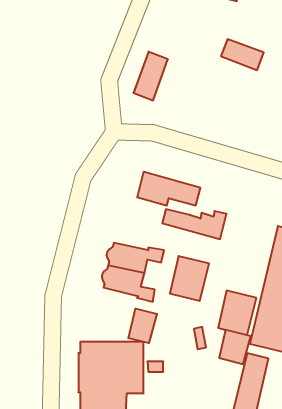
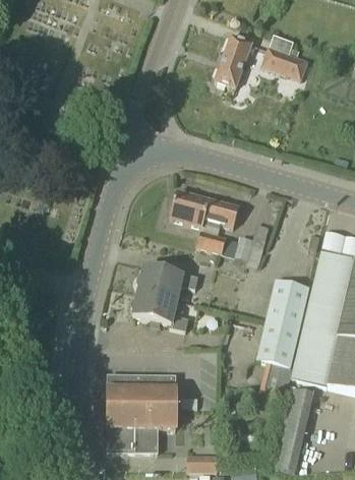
building: [133,52,168,100] -> [215,34,252,86]
building: [170,256,209,301] -> [268,278,310,326]
building: [128,309,157,343] -> none

